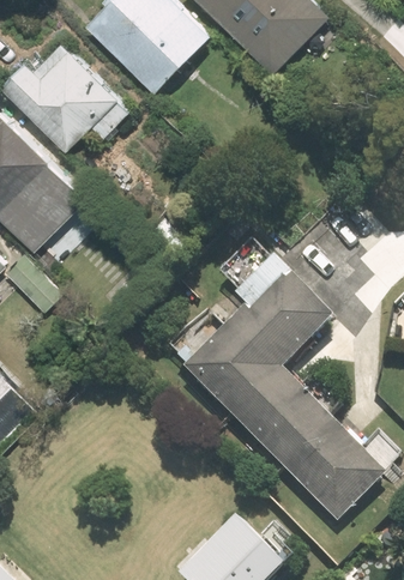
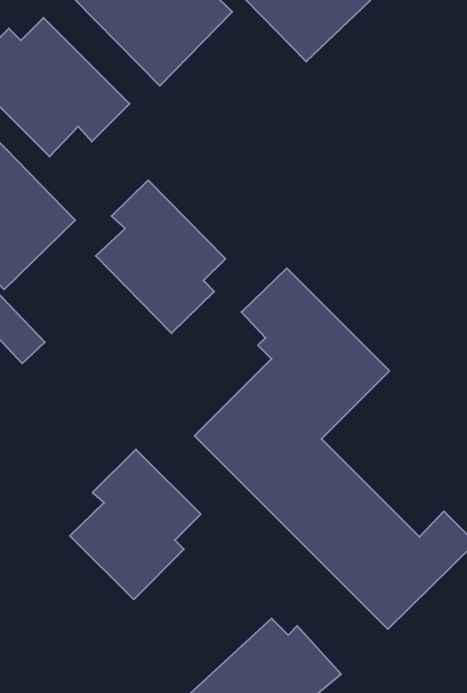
building: none -> [96,180,225,333]
building: none -> [70,449,201,599]

